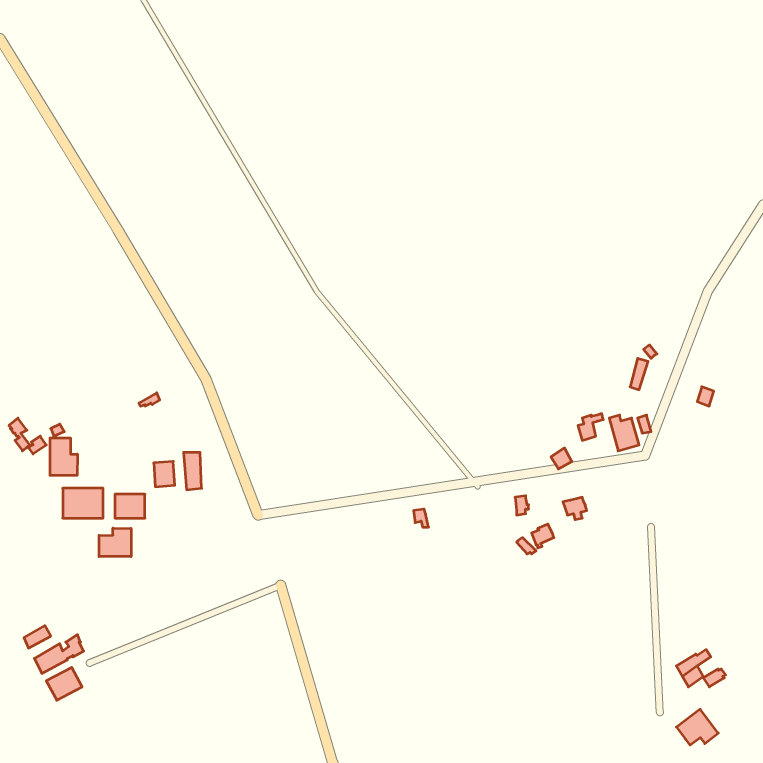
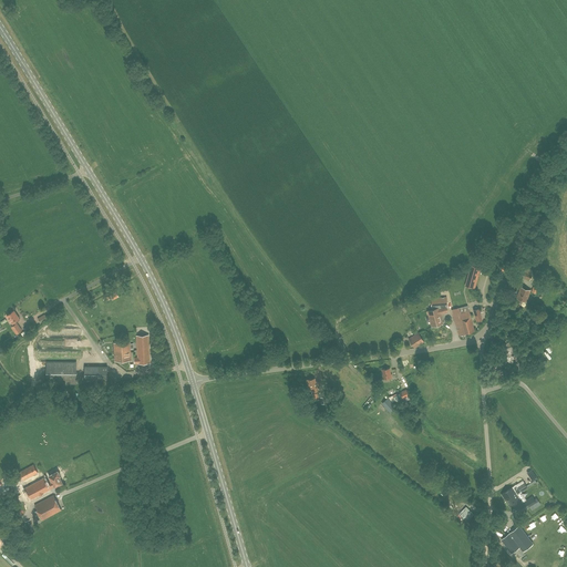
building: [50,438,77,475] -> none
building: [99,528,131,557] -> none

